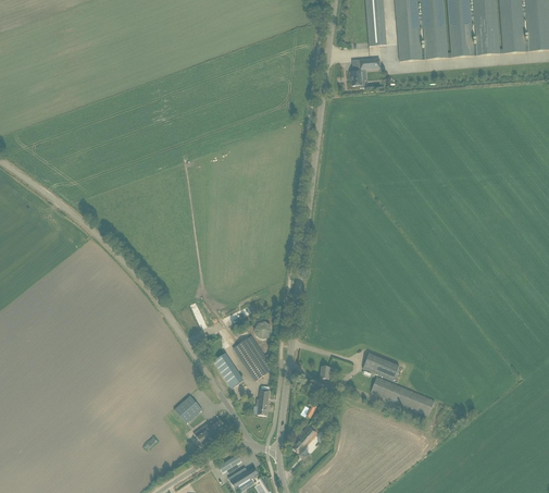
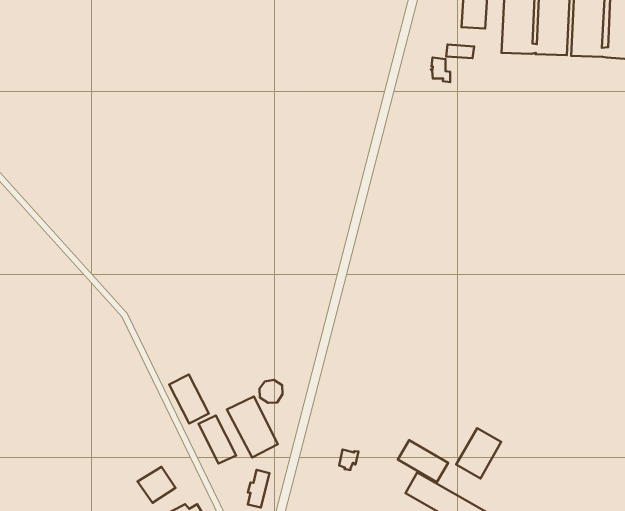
building: none -> [169,374,209,424]
building: none -> [456,428,501,478]

